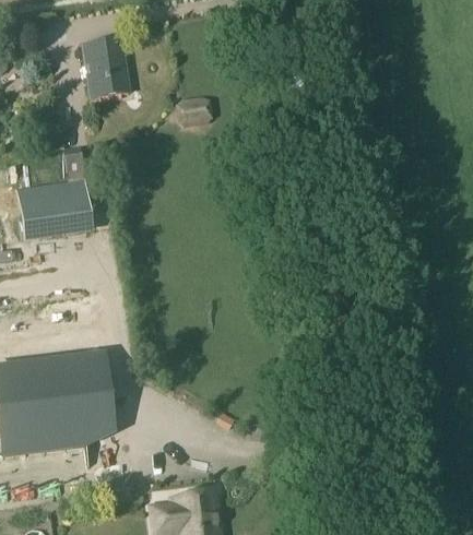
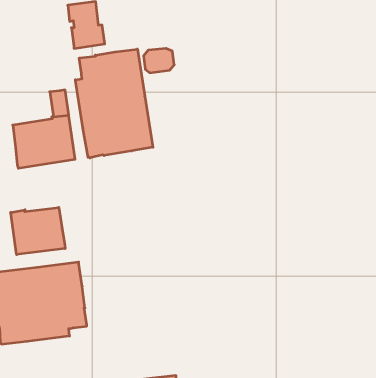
building: none -> [75,49,153,158]
building: none -> [11,207,65,255]

